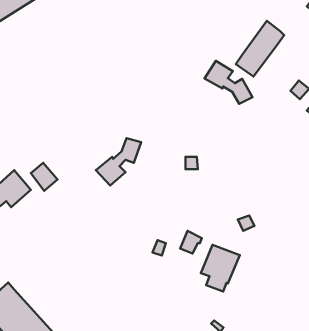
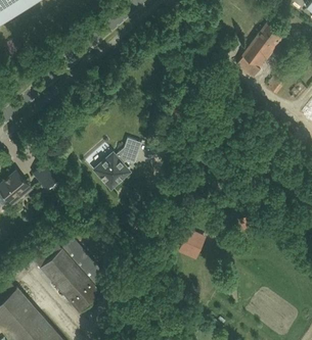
building: [204,61,253,104] -> none
building: none -> [33,238,105,313]
building: [201,245,240,291] -> none

